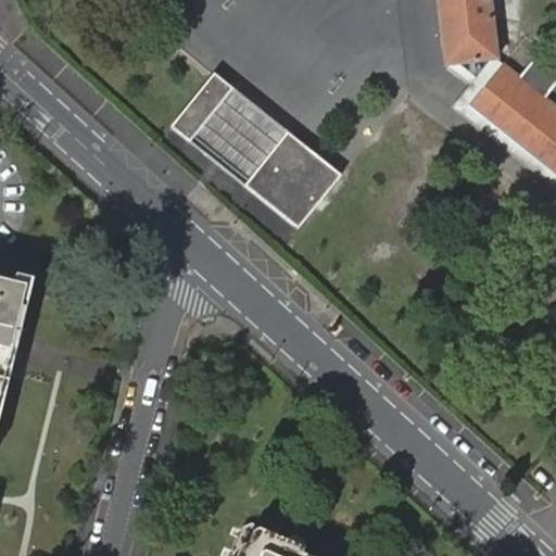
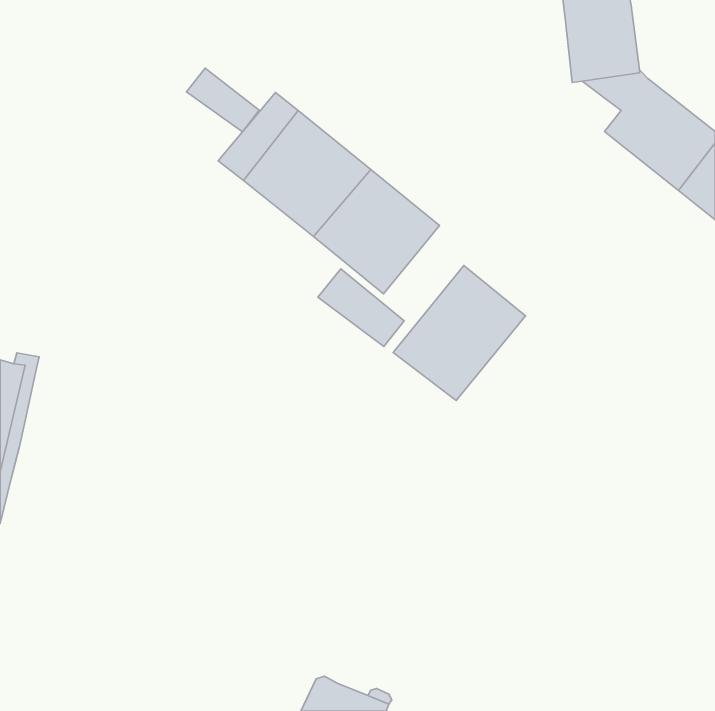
building: none -> [187,68,259,132]
building: none -> [393,266,525,401]
building: none -> [318,269,404,346]

